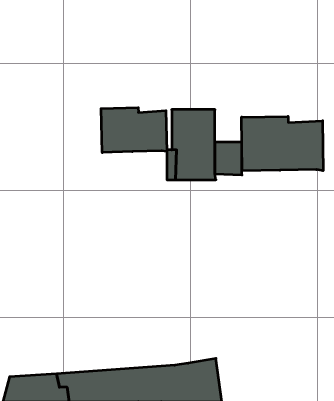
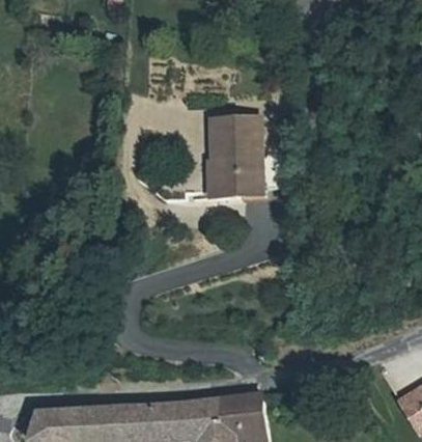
building: [101,108,167,153] -> none
building: [242,116,323,171] -> none

